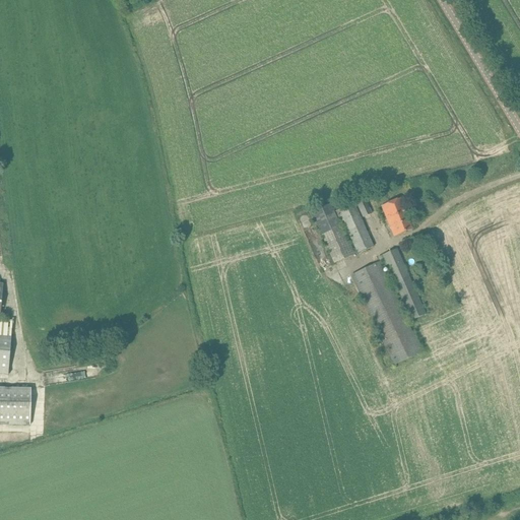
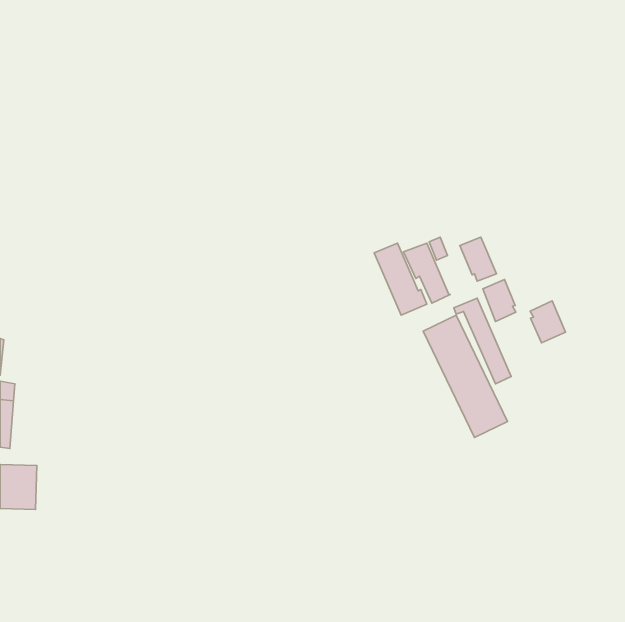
building: none -> [483,280,516,321]
building: none -> [530,301,565,343]

